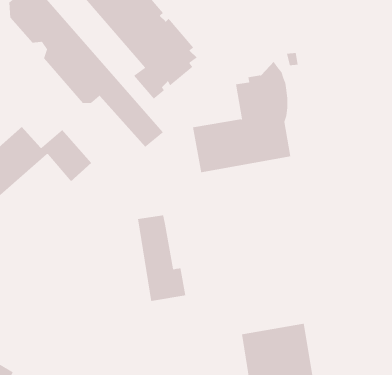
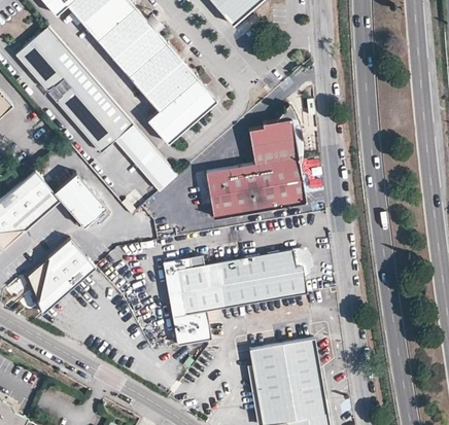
building: none -> [29,238,96,313]
building: none -> [179,248,317,314]
building: none -> [249,337,319,380]

